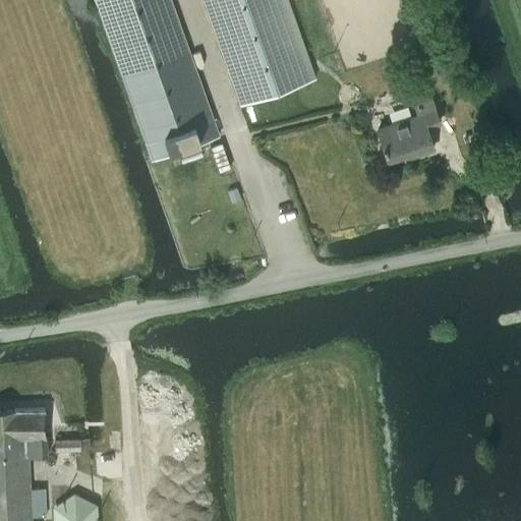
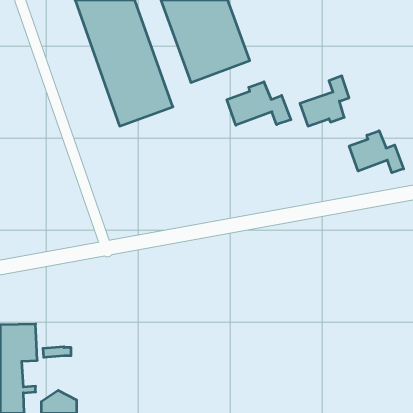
building: none -> [227,82,291,125]
building: none -> [349,131,404,173]

